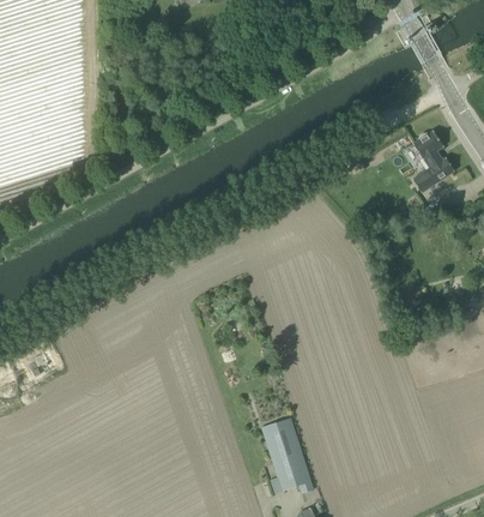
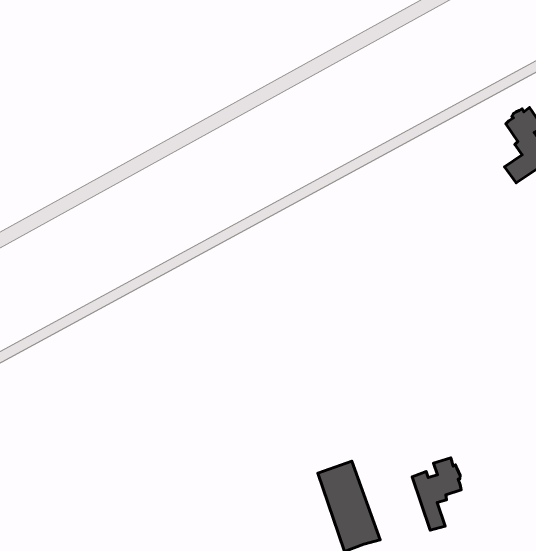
building: none -> [412,458,461,530]

